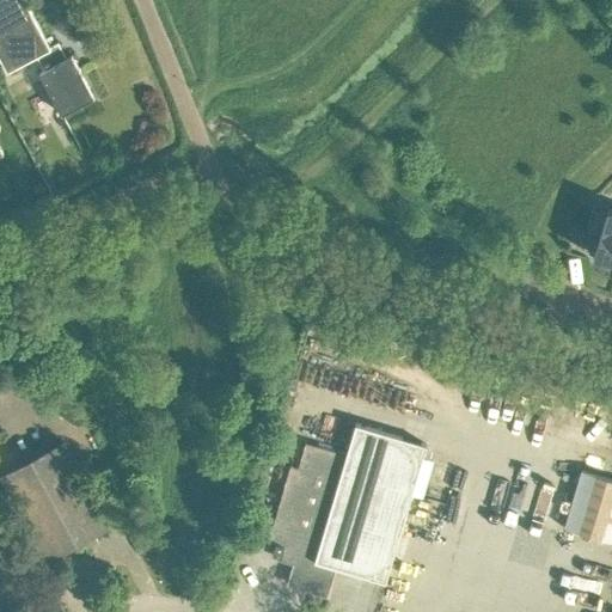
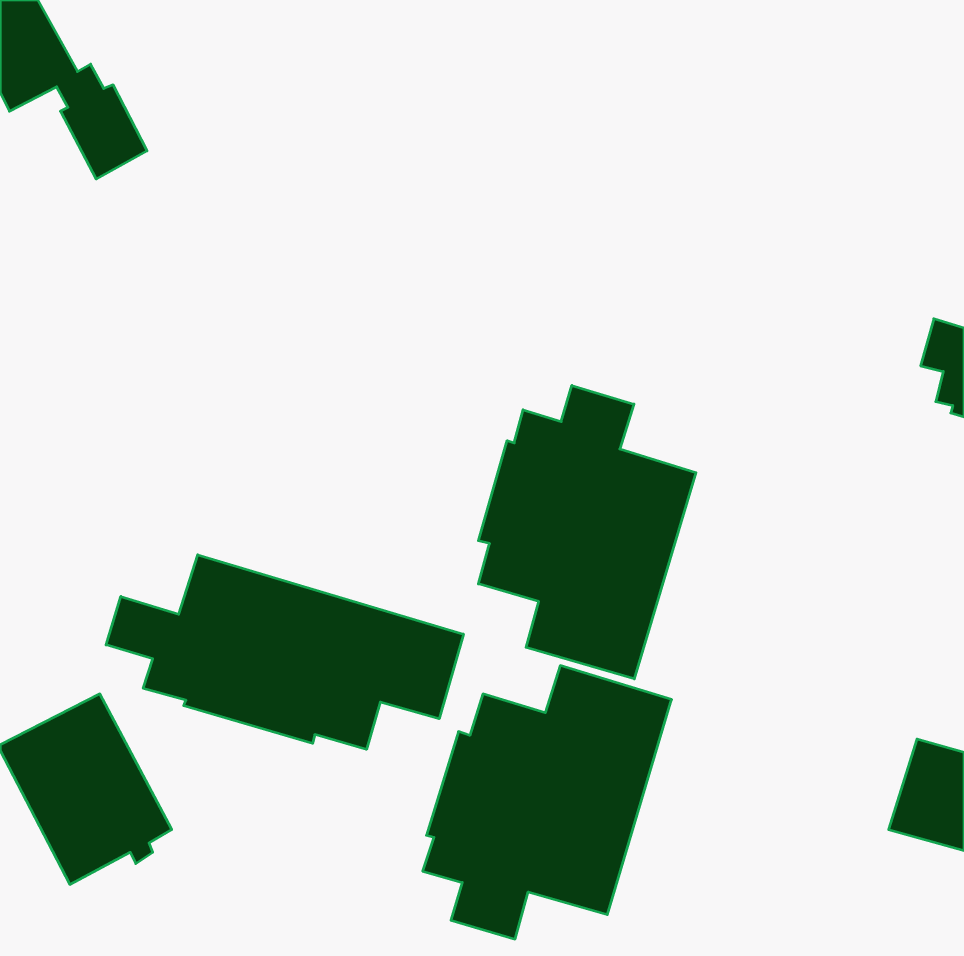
building: none -> [478,385,696,679]
building: none -> [106,555,463,749]

